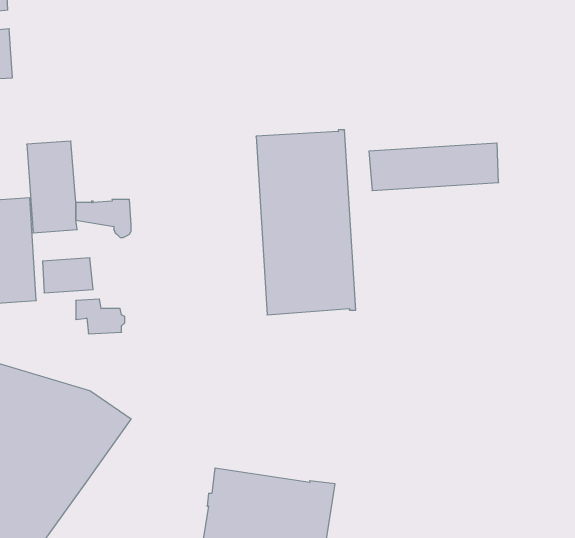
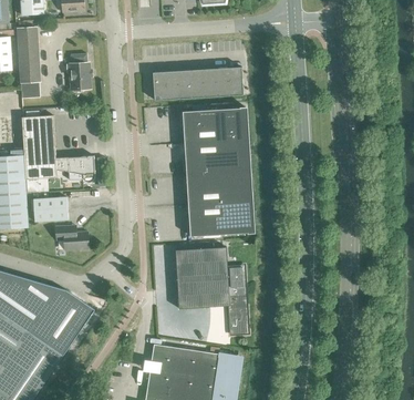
building: none -> [19,28,40,82]
building: none -> [71,53,91,90]
building: [369,143,499,191] -> [153,68,244,101]
building: none -> [176,247,248,335]

